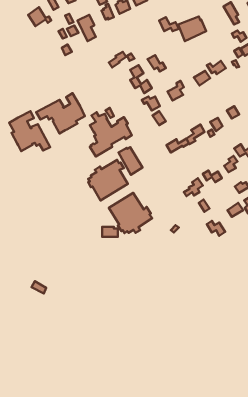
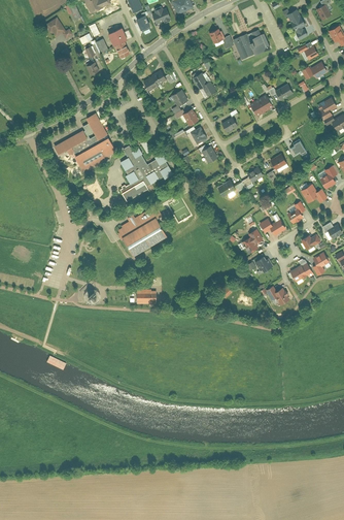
building: [9,111,50,151] -> none
building: [118,147,143,175] -> none
building: [109,193,152,233] -> none

